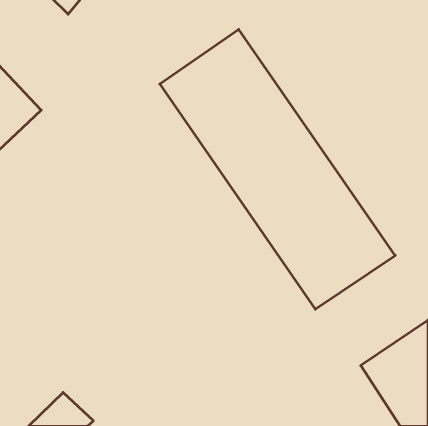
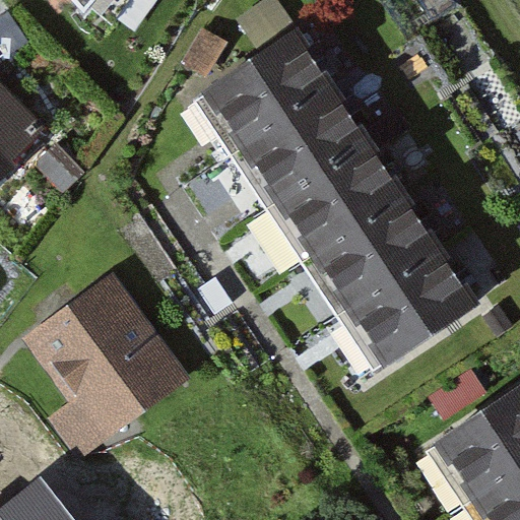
building: none -> [23,268,192,451]

